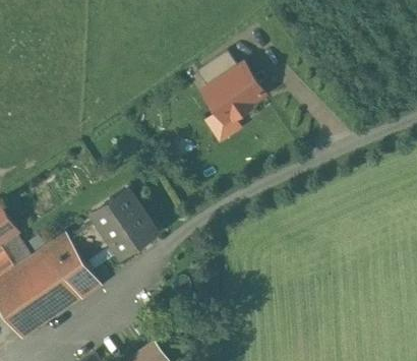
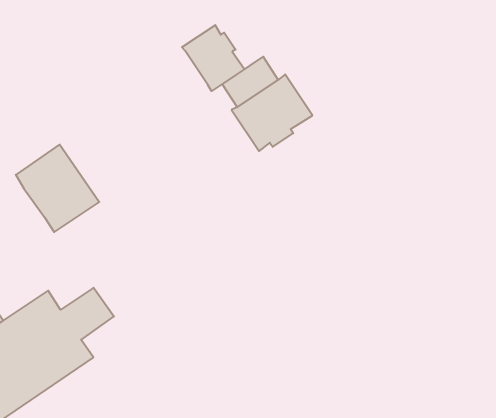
building: none -> [182,25,245,91]
building: [94,198,156,263] -> [16,145,99,232]

